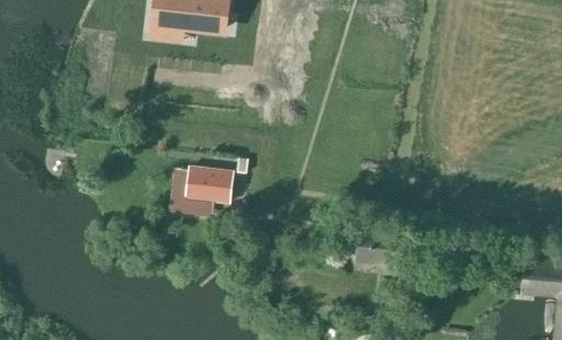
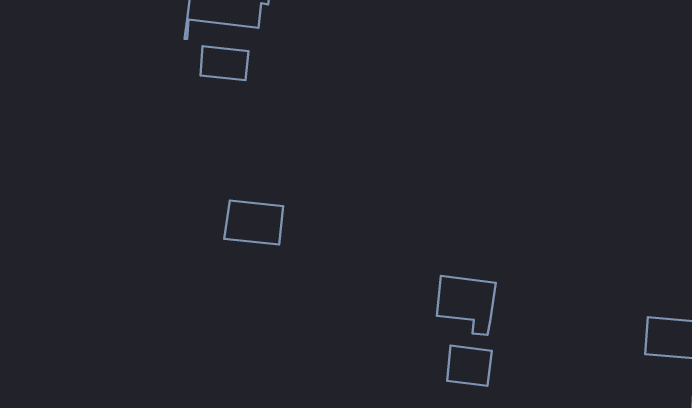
building: none -> [201,46,248,80]
building: none -> [447,346,492,386]

